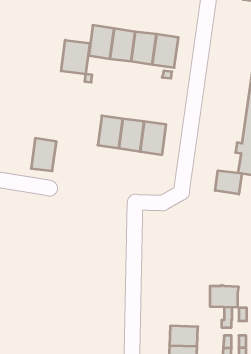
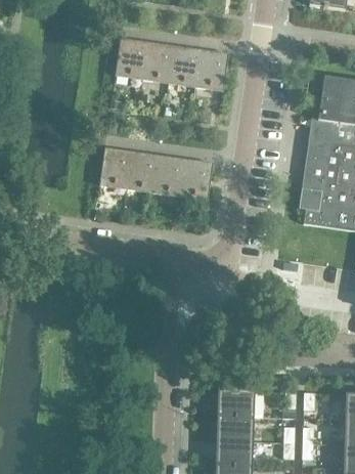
building: [61,40,90,74] -> none
building: [31,138,56,171] -> [99,145,131,186]
building: [215,171,242,194] -> none
building: [210,285,239,307] -> [217,387,253,415]

